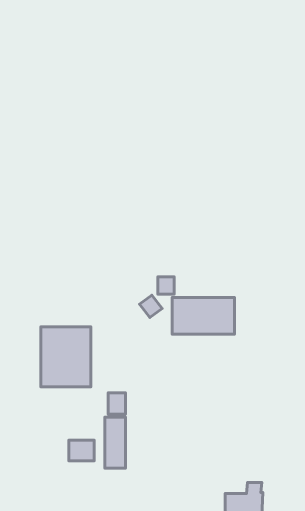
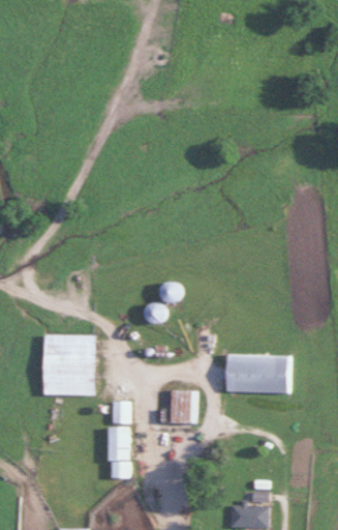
building: [172,298,234,334] -> [226,355,289,392]
building: none -> [171,390,196,424]
building: [69,440,94,461] -> none

